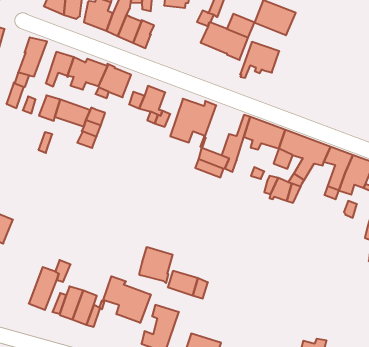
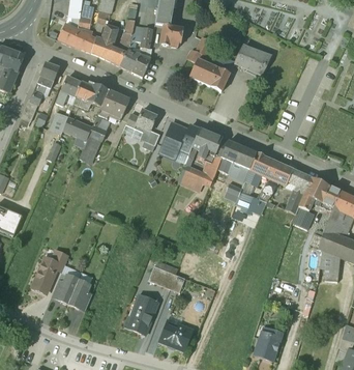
building: [240,42,279,78] -> [187,130,222,160]
building: [139,247,173,283] -> none
building: [99,276,151,323] -> none

